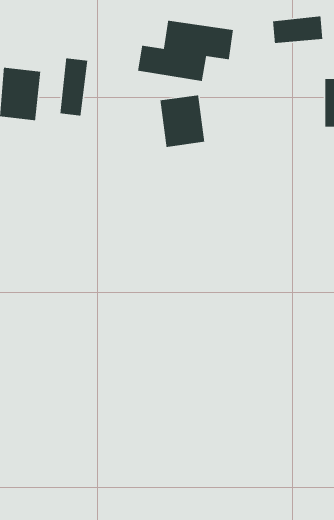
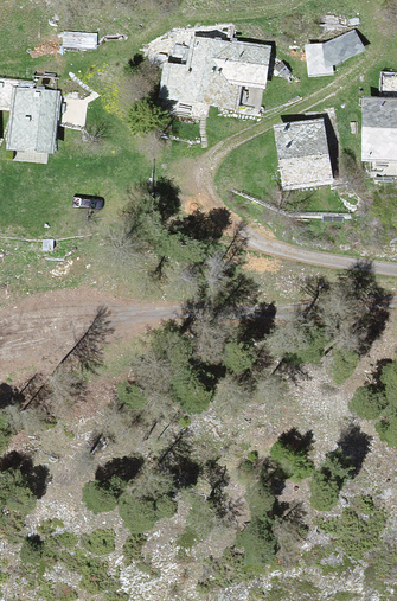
building: [60,58,88,116] -> none
building: [159,94,205,148] -> [280,122,329,180]

